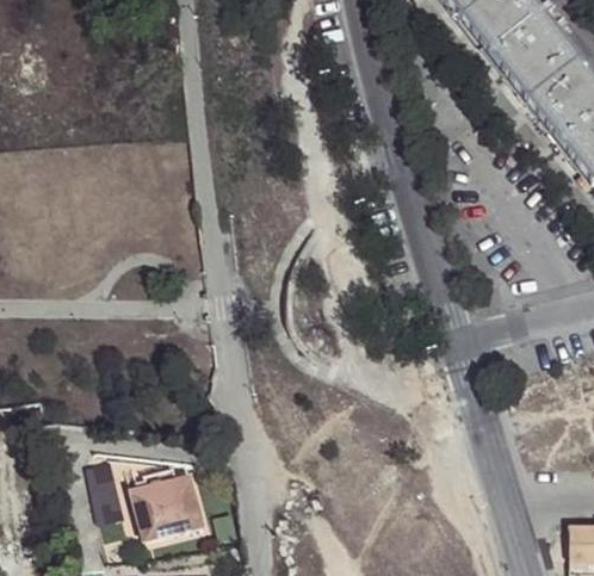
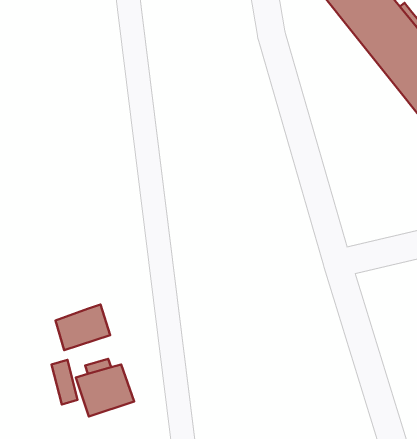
building: none -> [56,305,110,350]

